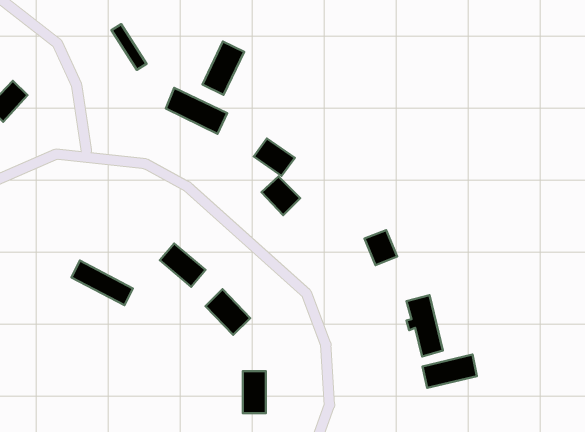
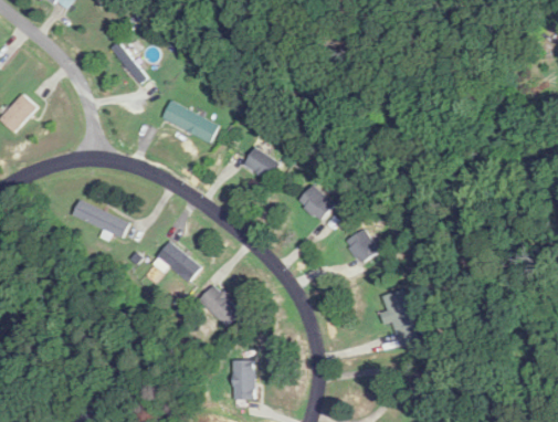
building: [202,42,244,95] -> none
building: [262,177,300,215] -> [298,184,334,220]
building: [71,261,133,305] -> [73,198,129,239]
building: [423,355,477,388] -> none

